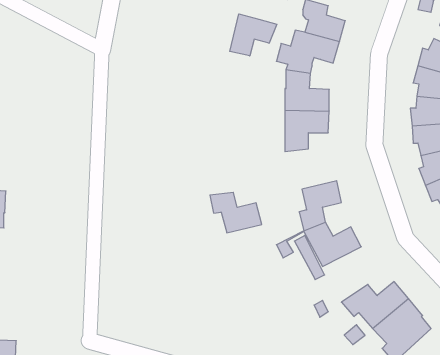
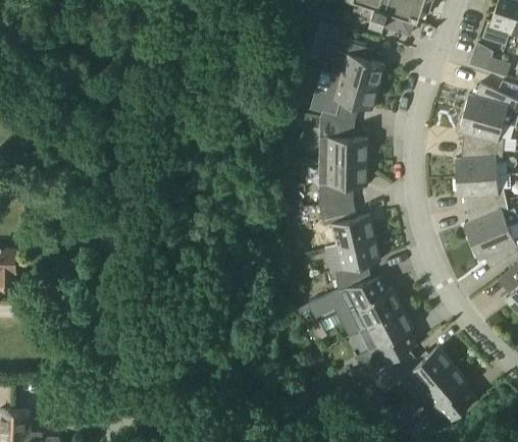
building: [230,14,277,56] -> none
building: [210,192,262,233] -> [319,202,375,245]
building: none -> [360,308,418,368]

